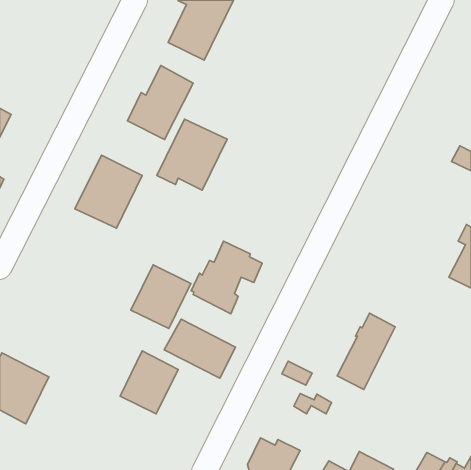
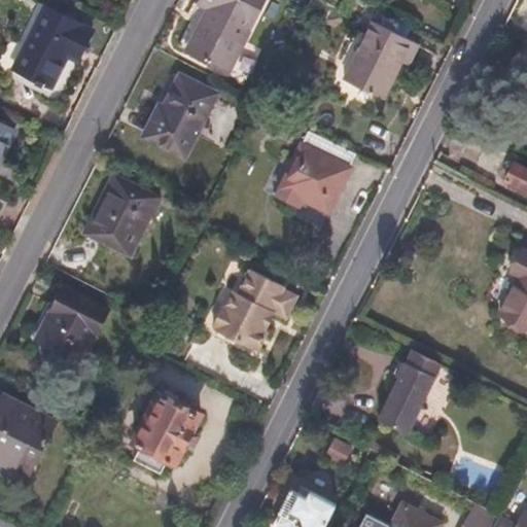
building: none -> [13,8,92,86]
building: none -> [344,23,417,99]
building: [157,119,227,190] -> [277,132,355,211]
building: [131,265,191,329] -> [38,289,105,360]
building: [164,319,236,378] -> none

